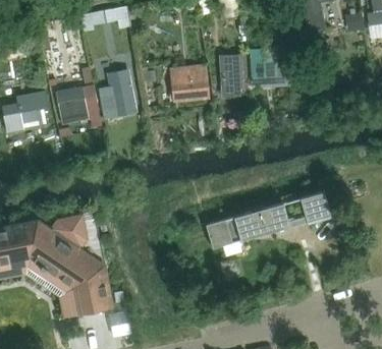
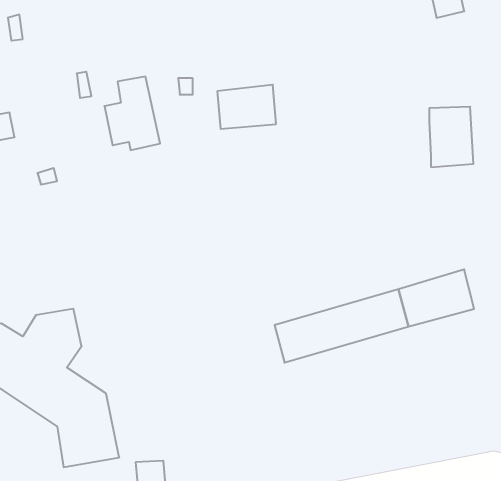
building: [251,48,278,85] -> [429,107,473,167]
building: [220,65,248,100] -> none
building: [54,85,101,128] -> none

